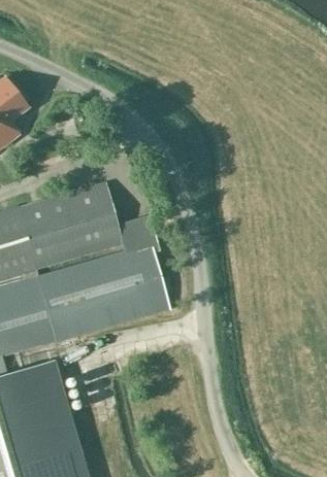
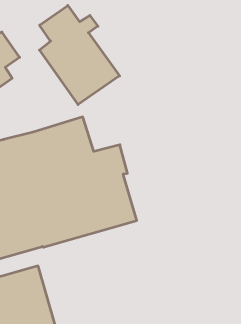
building: none -> [39,5,120,105]

